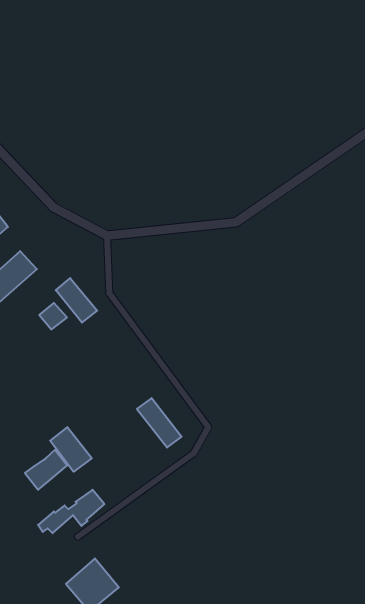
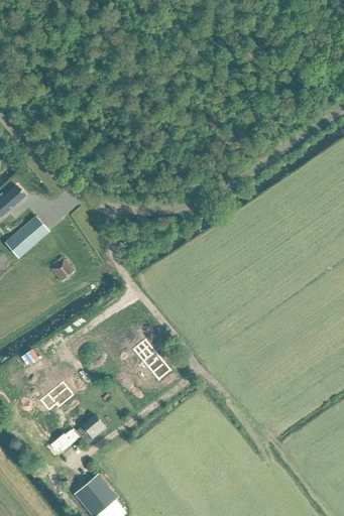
building: [56,278,97,323] -> none
building: [50,427,92,472] -> none

